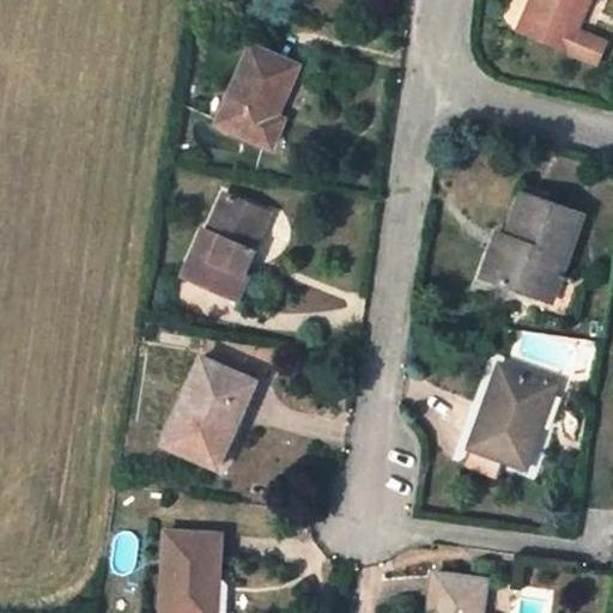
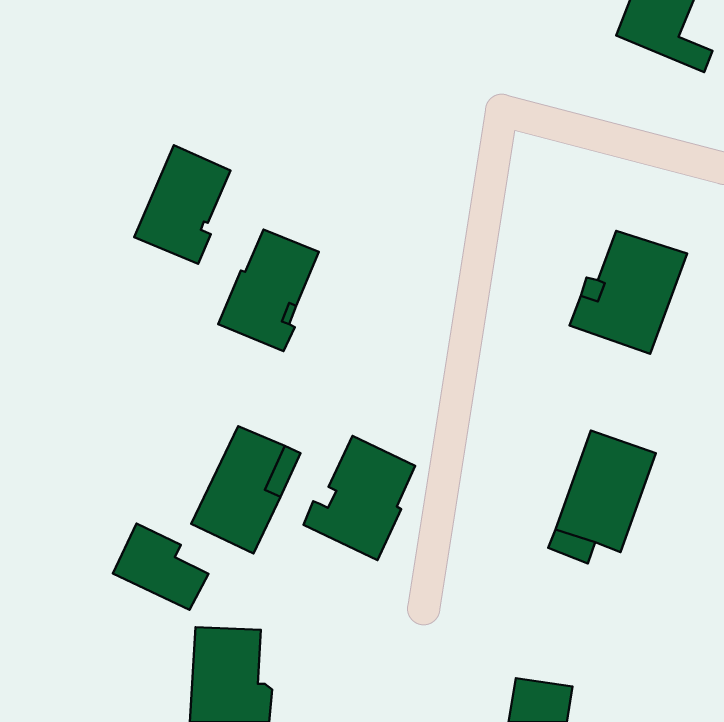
building: [217,45,298,146] -> [134,145,231,264]
building: none -> [303,436,415,560]
building: none -> [113,524,208,610]

